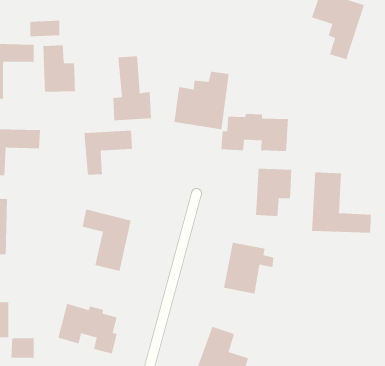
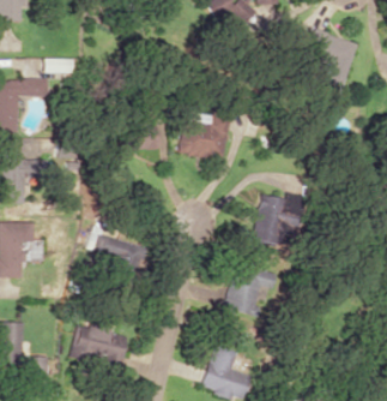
building: [43,45,75,92] -> none
building: [221,113,289,152] -> none
building: [84,130,133,176] -> none
building: [312,171,371,233] -> none

